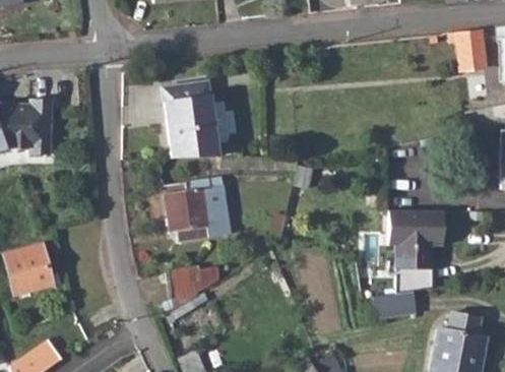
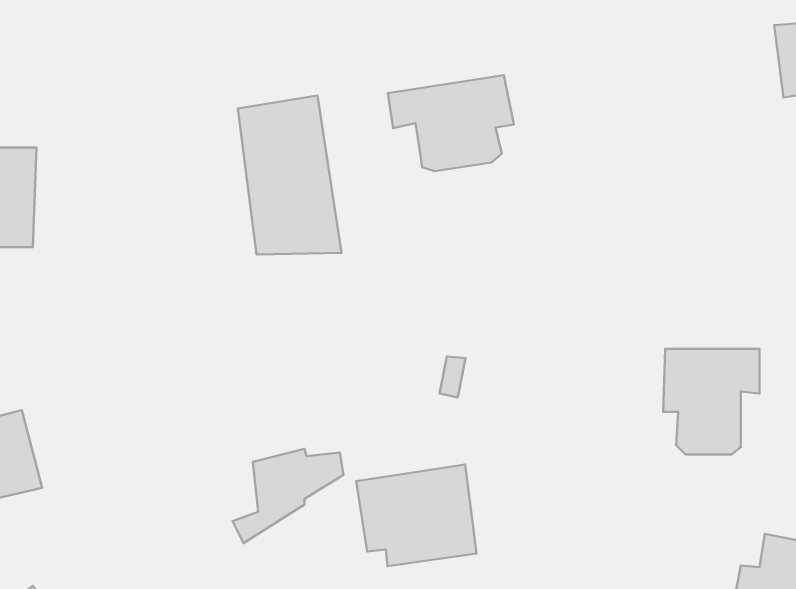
building: none -> [388,75,514,171]
building: [164,185,230,241] -> [356,465,476,566]
building: [372,291,417,320] -> none

